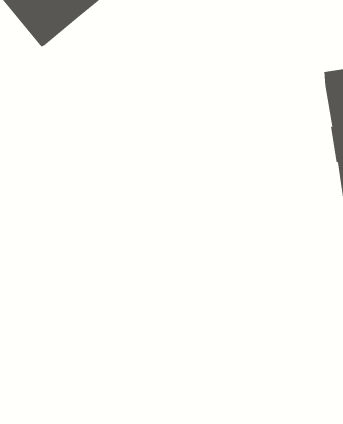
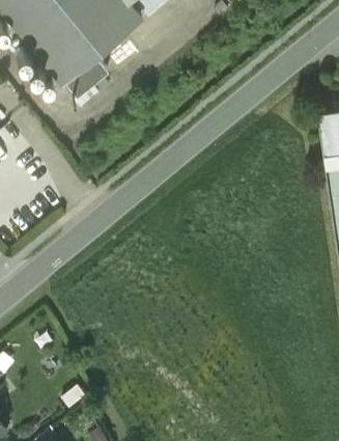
building: none -> [64,57,109,99]

